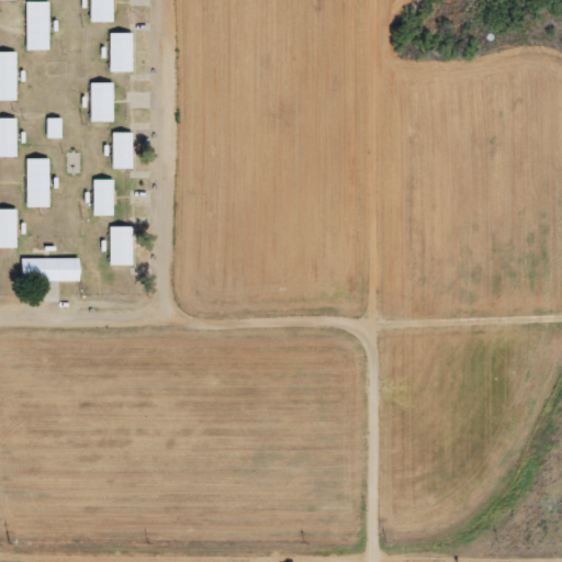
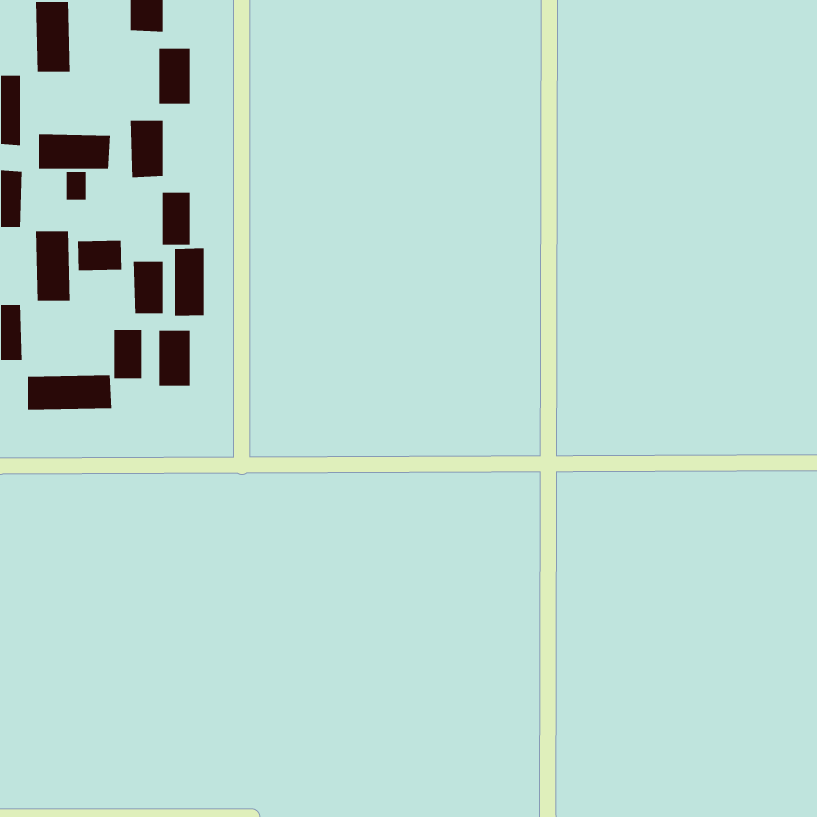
building: none -> [38,133,110,170]
building: none -> [78,240,122,271]
building: none -> [174,248,204,316]
building: none -> [114,329,142,379]

